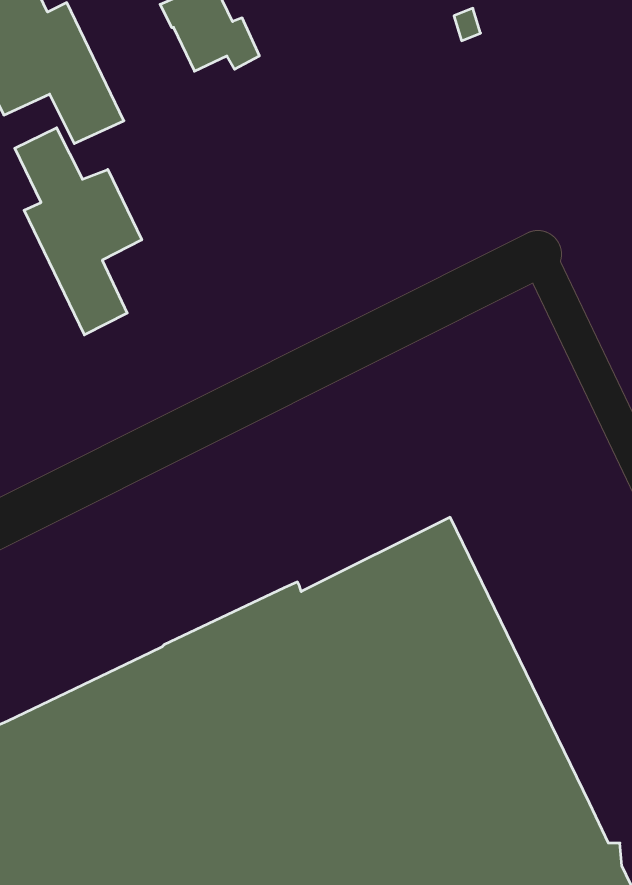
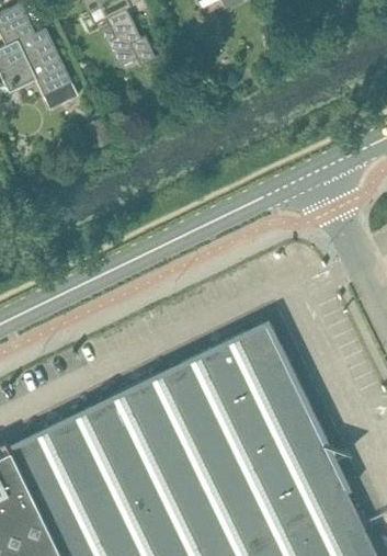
building: [15,128,142,335] -> none

